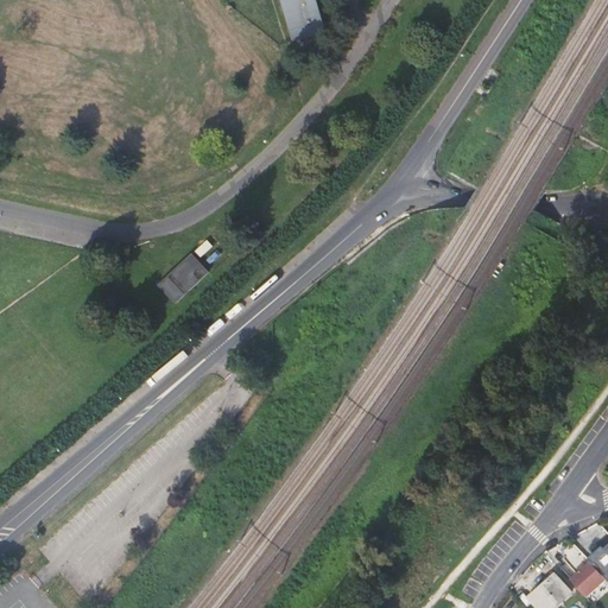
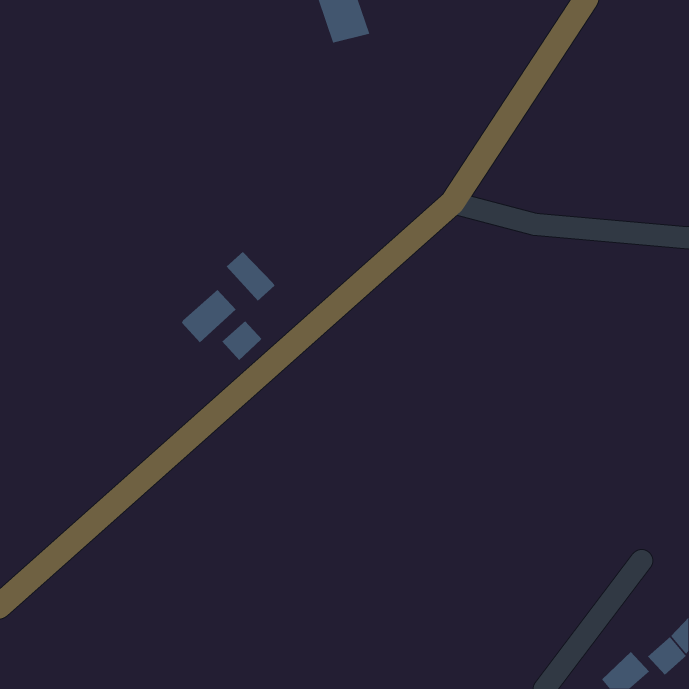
building: none -> [226,251,275,301]
building: none -> [221,320,263,361]

